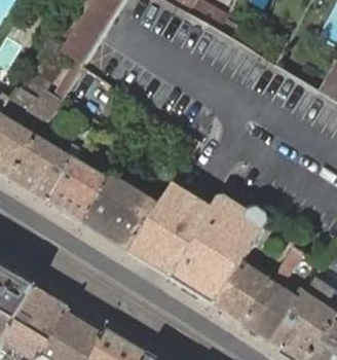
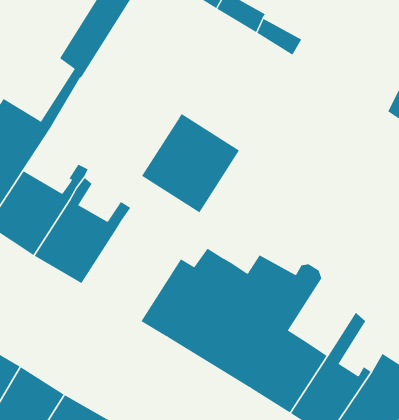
building: [82,175,158,252] -> [141,113,240,213]

